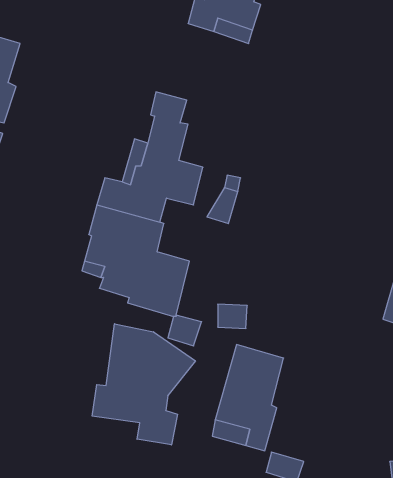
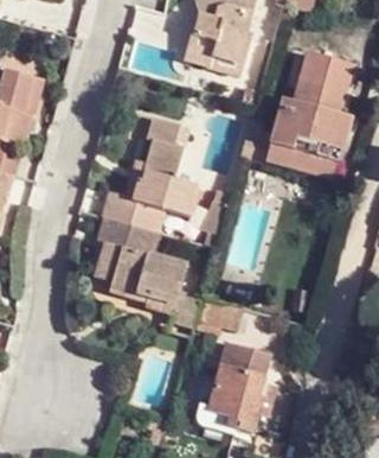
building: none -> [263,52,351,182]
building: [92,324,195,445] -> none

